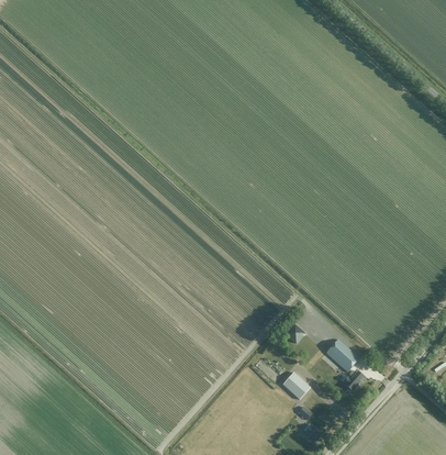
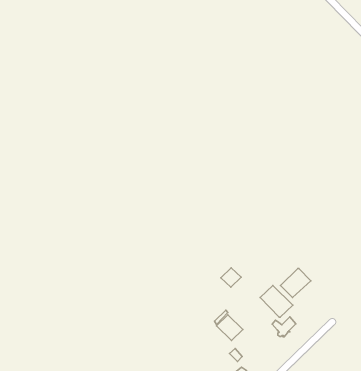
building: none -> [280,269,311,297]

